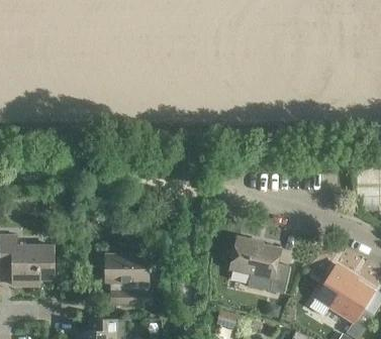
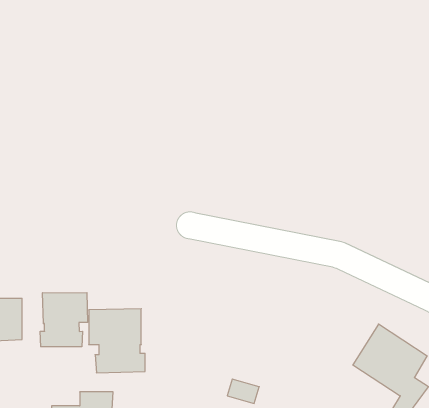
building: [228,235,288,293] -> none
building: none -> [40,293,88,347]

